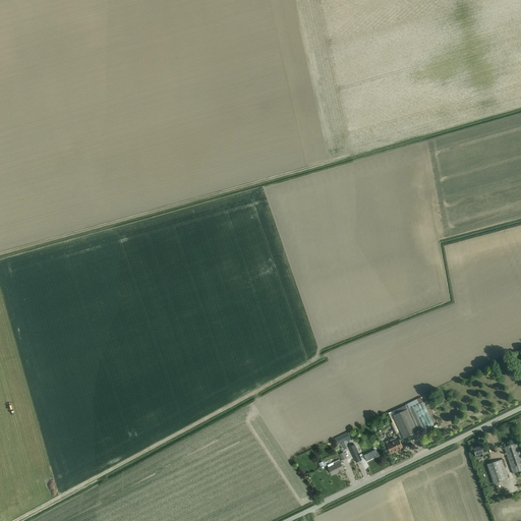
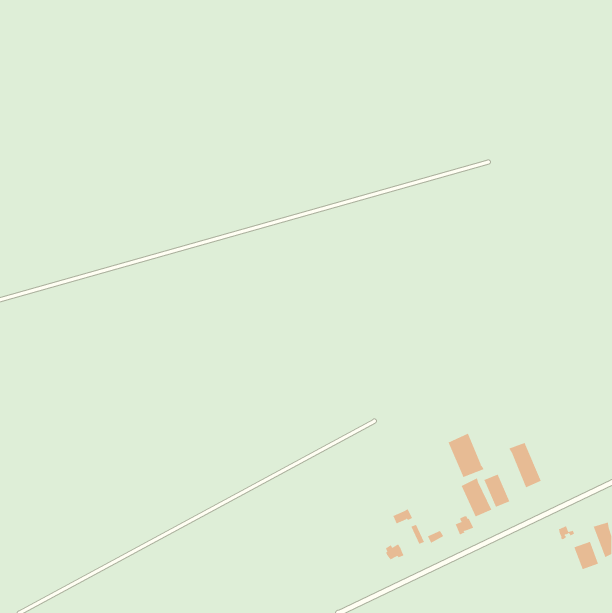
building: none -> [448,433,485,478]
building: none -> [508,442,541,488]

